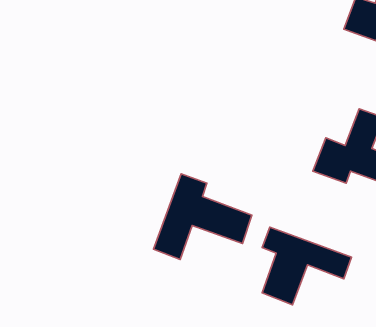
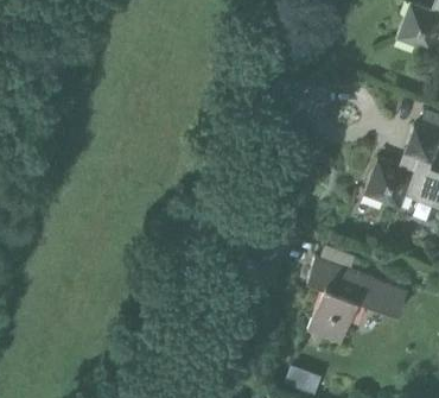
building: [153,174,252,260] -> none

